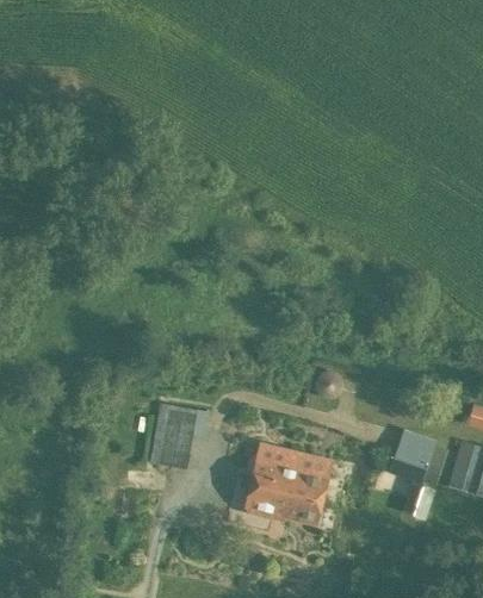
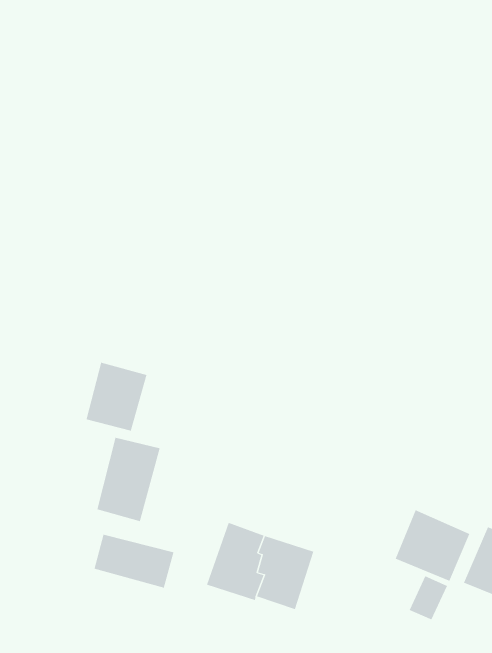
building: none -> [86,362,147,432]
building: none -> [94,534,174,588]

